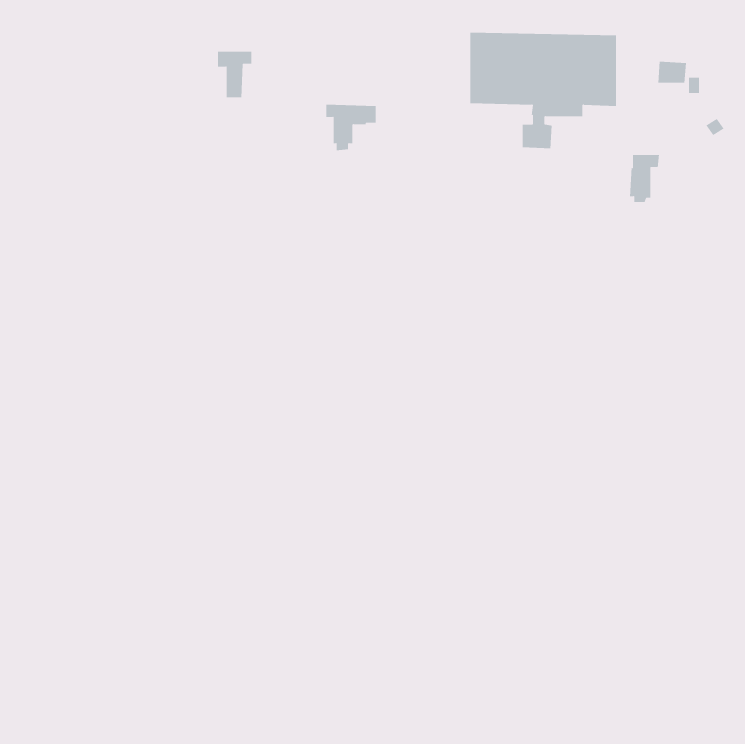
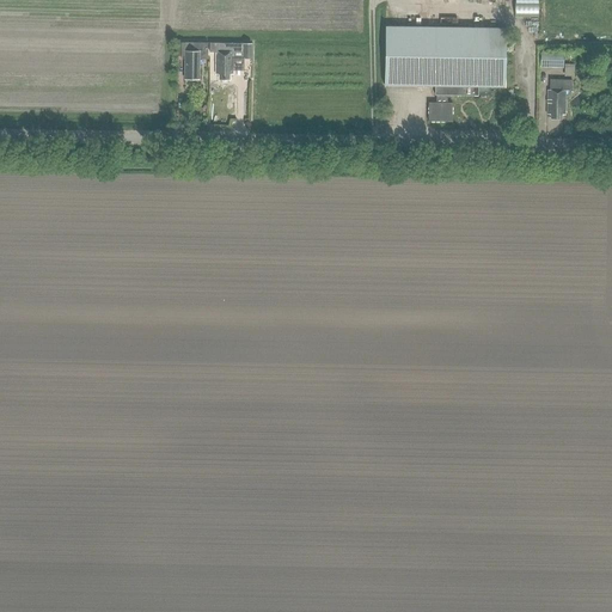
building: [326,104,377,151] -> [210,42,252,80]
building: [629,154,660,203] -> [547,79,573,118]

